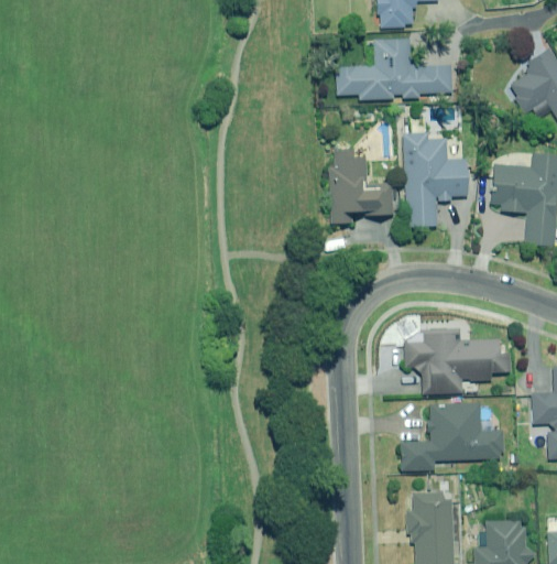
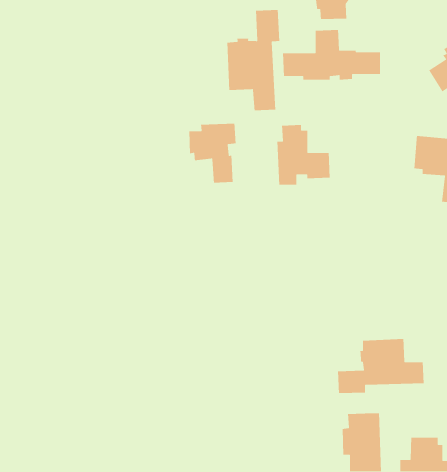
building: none -> [227,9,280,111]
building: [404,134,468,226] -> none
building: none -> [188,123,237,183]
building: [404,333,507,393] -> none

